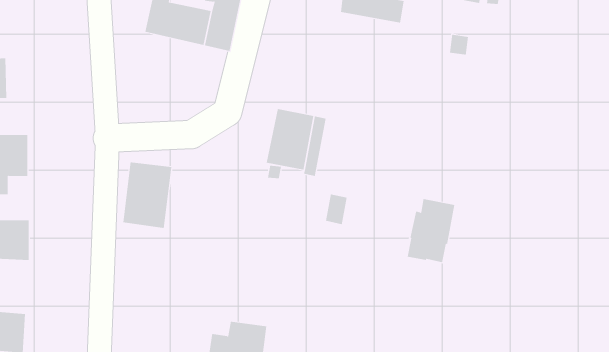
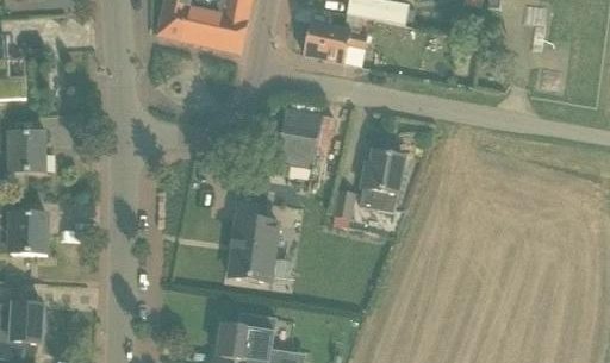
building: none -> [303,20,366,62]
building: [123,162,172,229] -> [226,215,274,280]
building: [407,199,455,263] -> [357,150,404,212]

